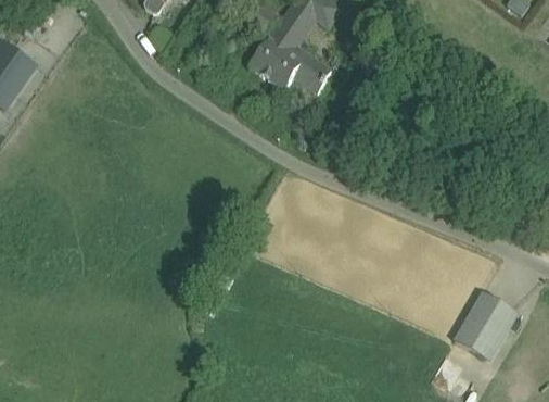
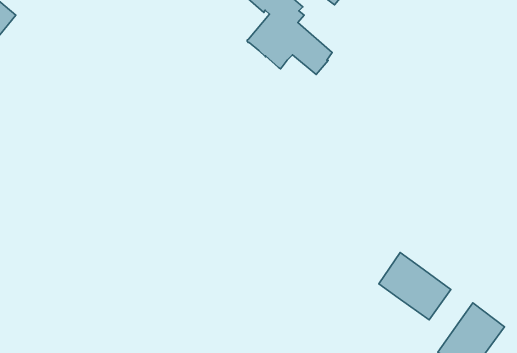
building: none -> [379,252,451,320]

